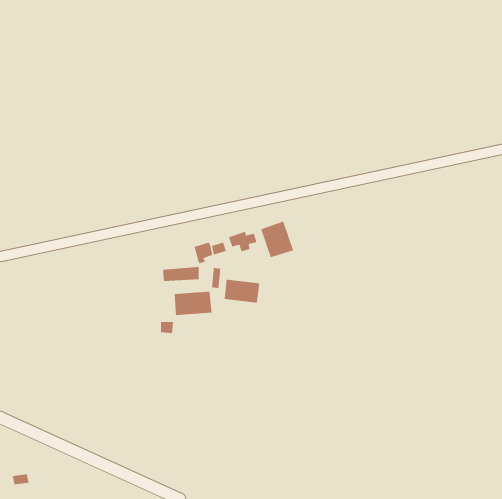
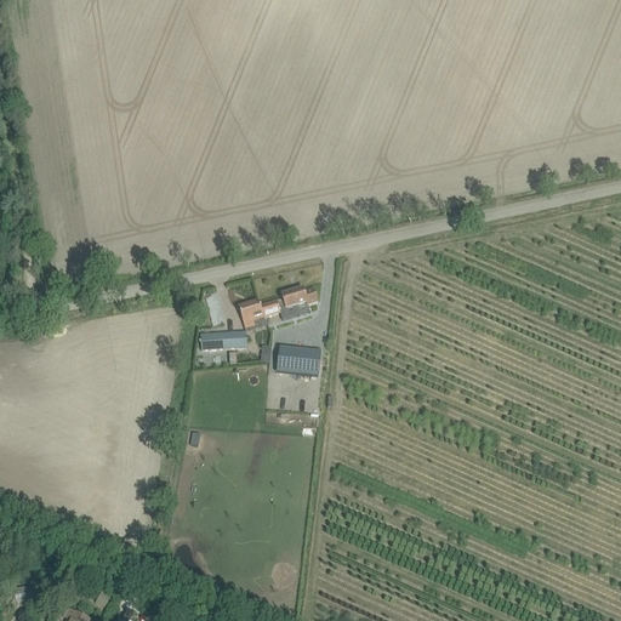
building: [260,220,294,258] -> none
building: [174,291,212,316] -> none

